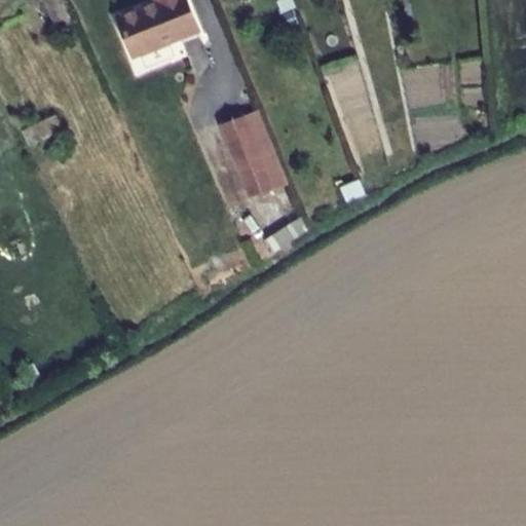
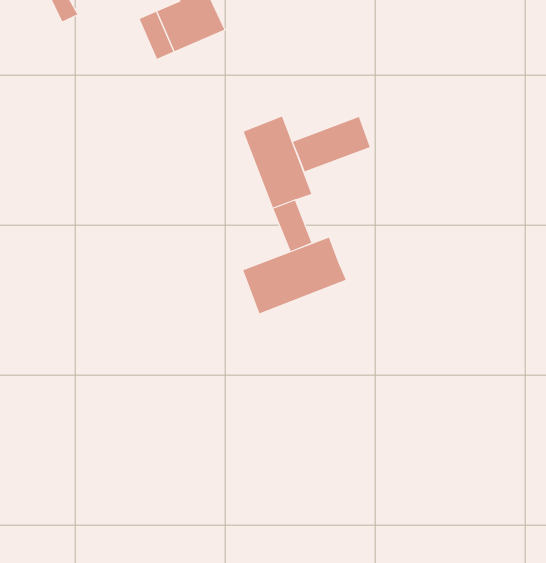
building: none -> [292,116,371,172]
building: none -> [242,237,347,314]

